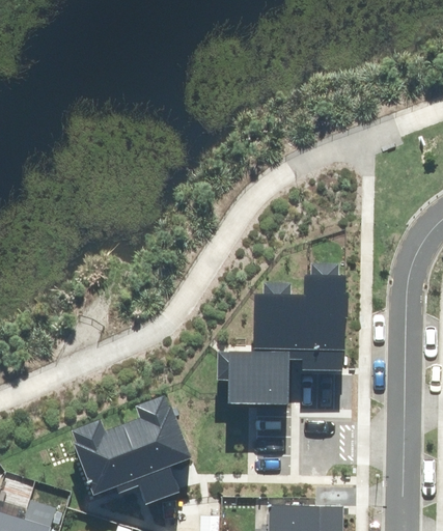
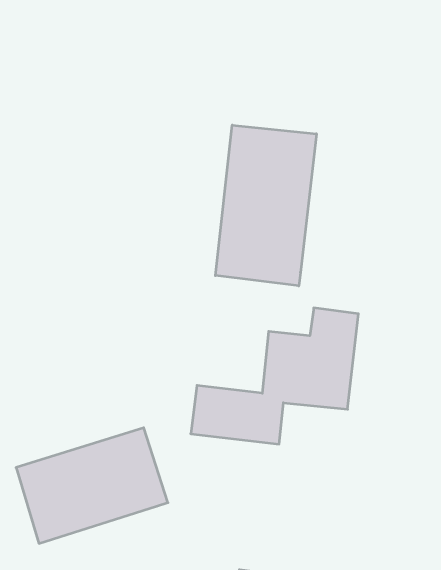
building: none -> [215,125,316,286]

